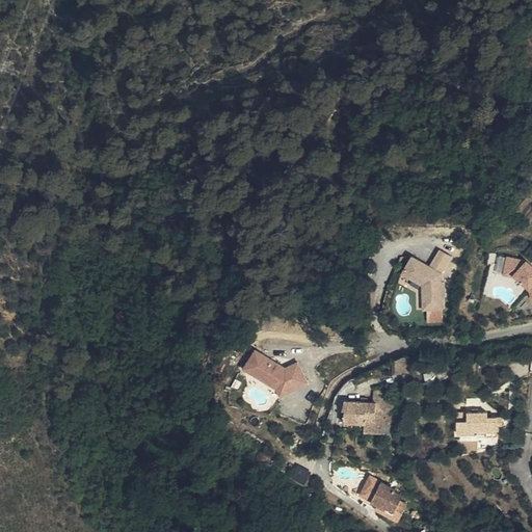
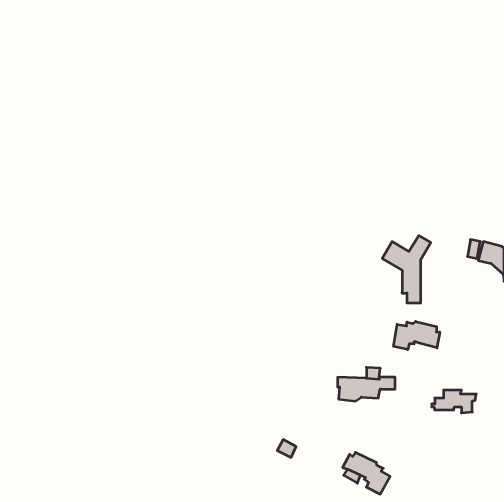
building: none -> [394,321,440,350]
building: [243,350,308,399] -> none

